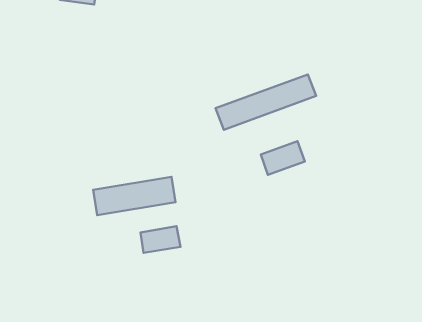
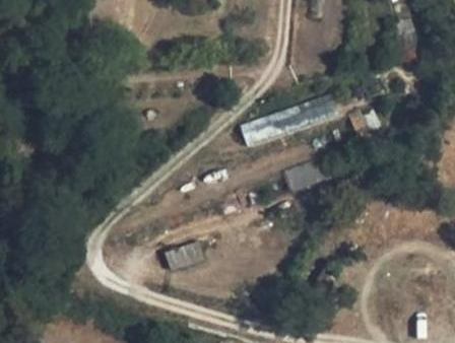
building: [93,177,176,215] -> none

